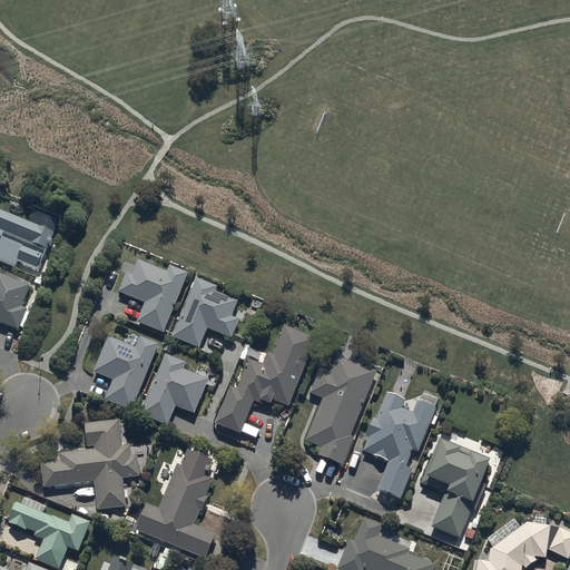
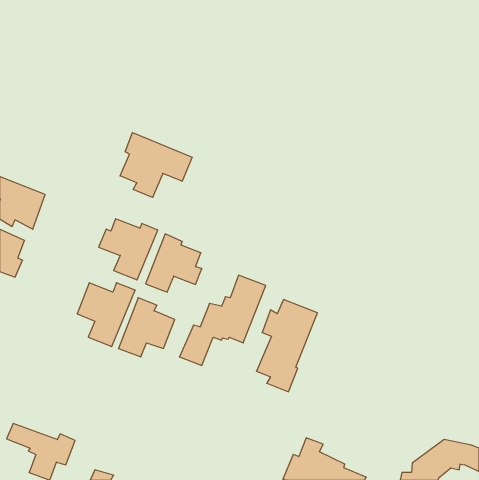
building: none -> [120,133,192,197]
building: [363,391,435,498] -> none
building: [40,420,140,511] -> none
building: [421,439,488,538] -> none
building: [137,449,215,557] -> none

